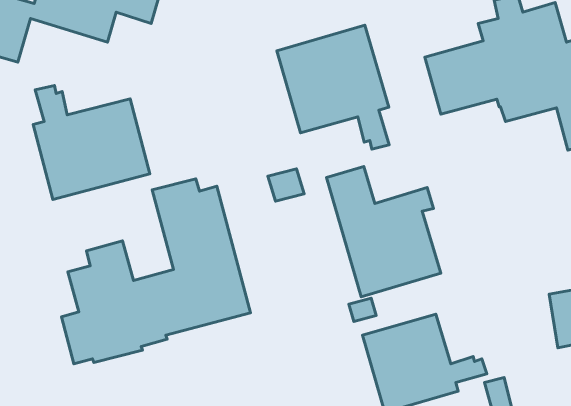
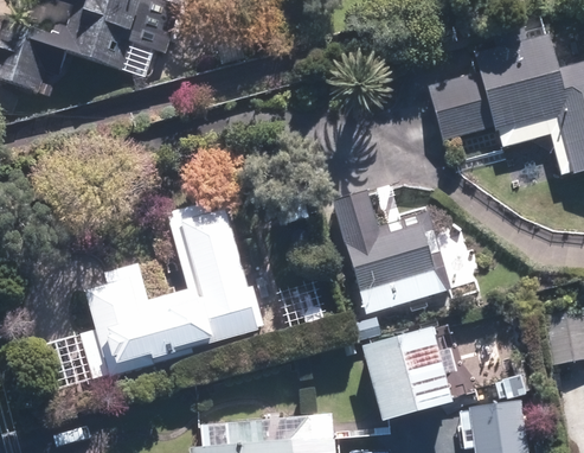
building: [277,25,389,149] -> none
building: [33,86,150,199] -> none

